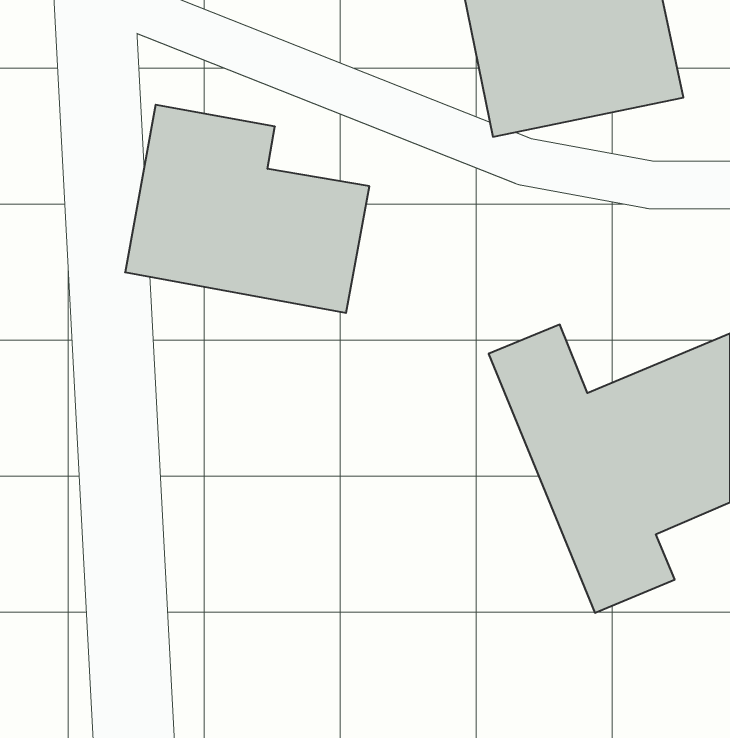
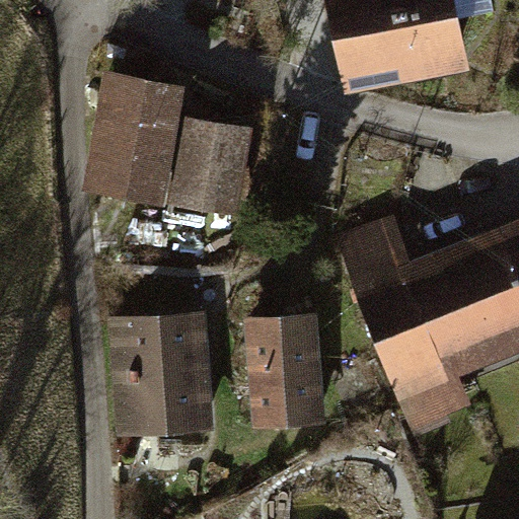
building: none -> [105,313,213,434]
building: none -> [239,314,325,426]

